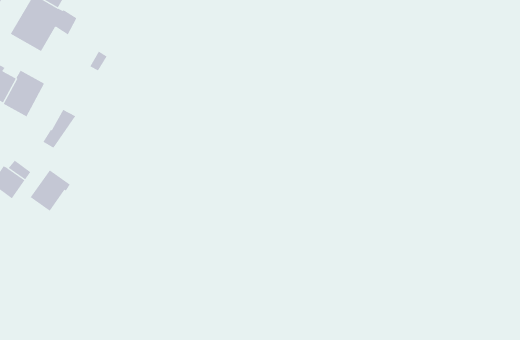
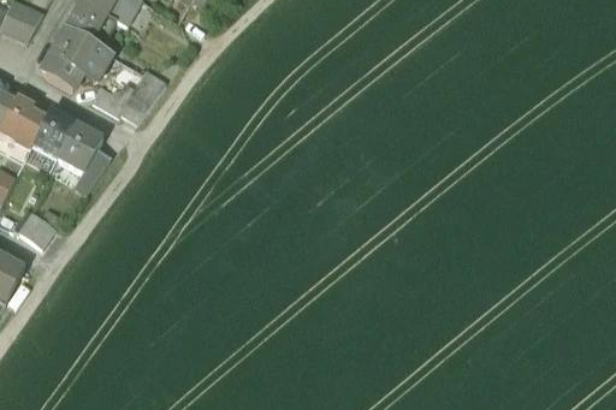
building: none -> [57,124,102,173]
building: [30,170,71,212] -> none

